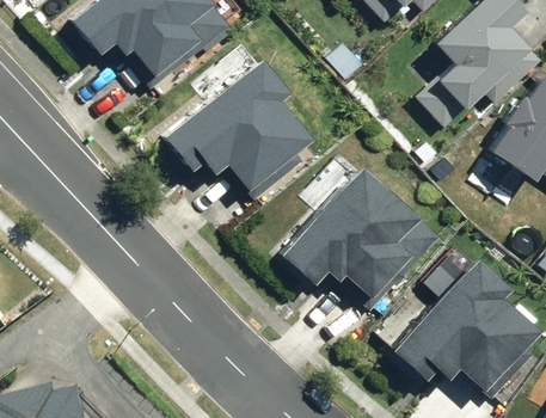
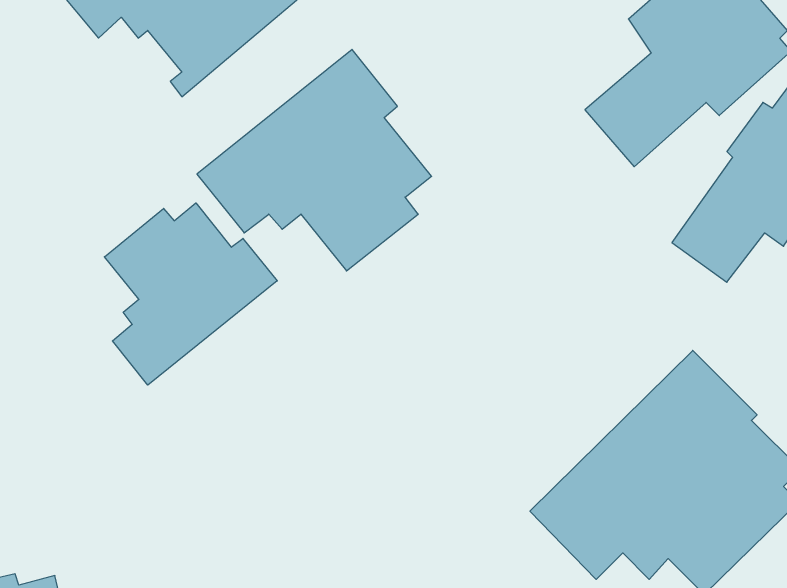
building: none -> [104,203,277,385]
building: [265,160,424,307] -> none

